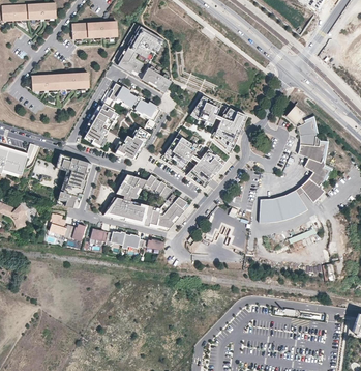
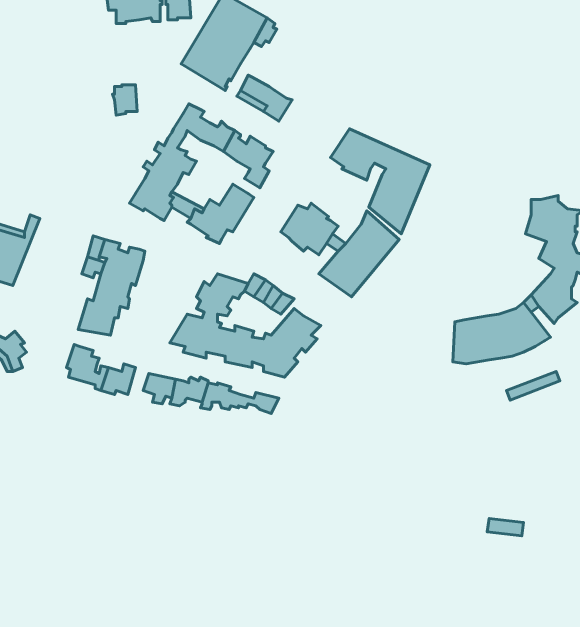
building: [30,74,72,91] -> none
building: [284,104,318,135] -> none

